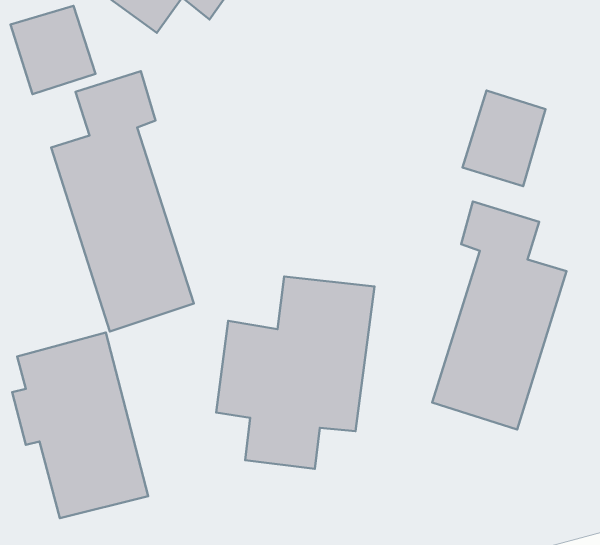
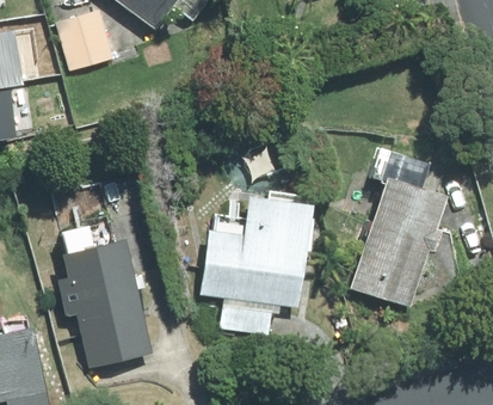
building: [51,71,194,331] -> none
building: [462,90,546,186] -> none

